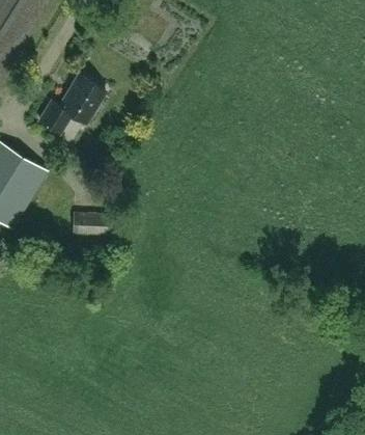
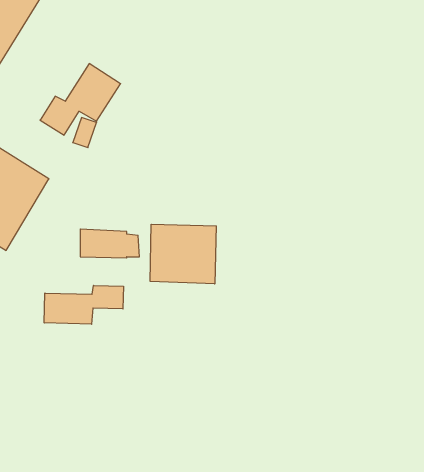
building: none -> [150,224,216,284]
building: none -> [44,285,123,324]

